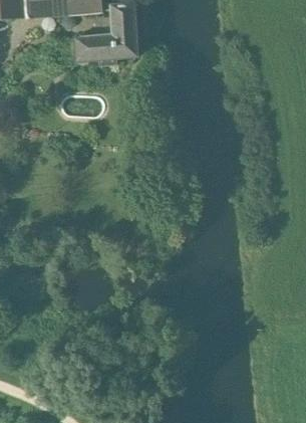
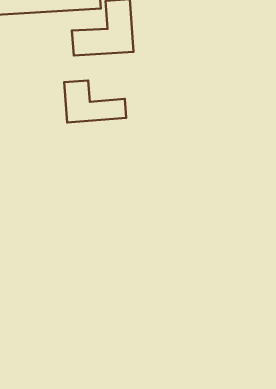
building: none -> [64,81,126,122]

